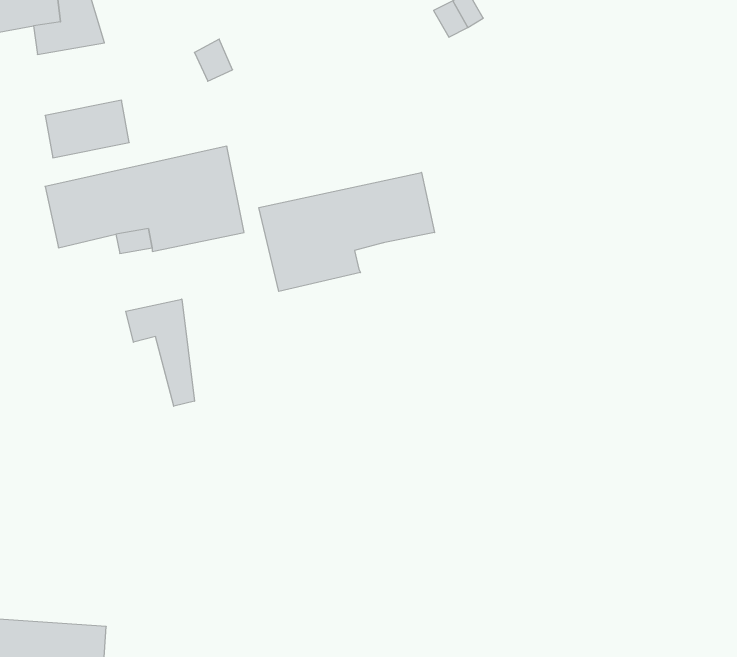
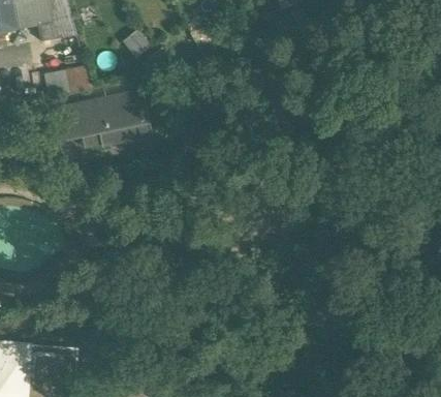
building: [259,172,435,291] -> none
building: [126,299,194,406] -> none

